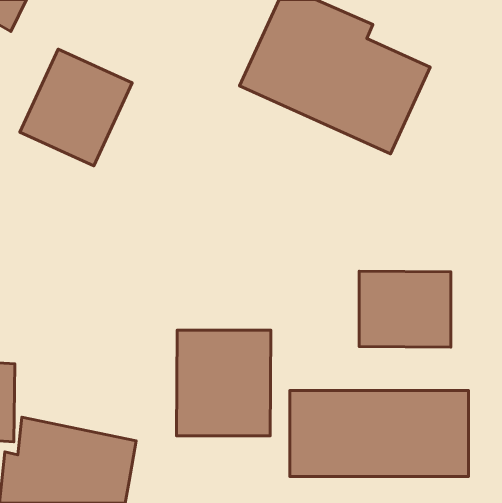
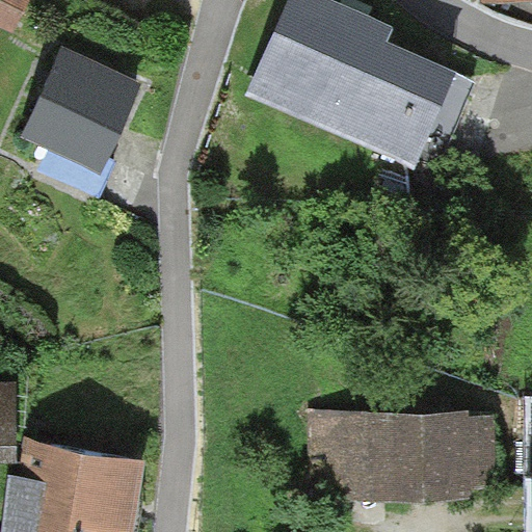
building: [359,271,451,347] -> none
building: [176,330,271,436] -> none

